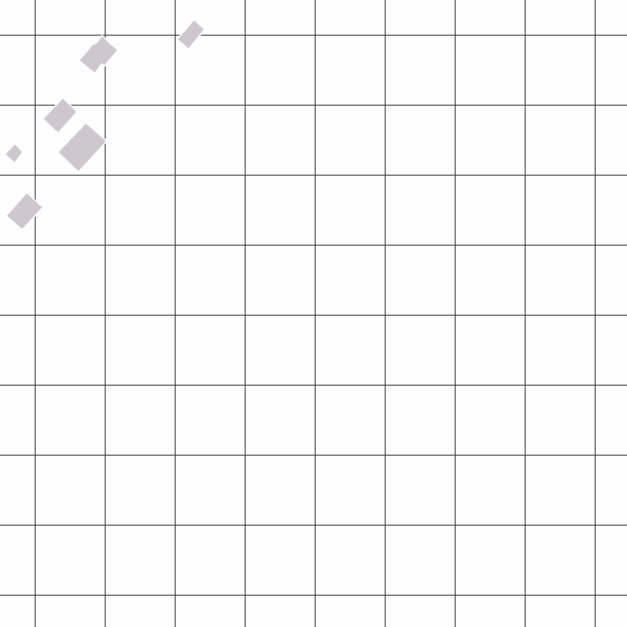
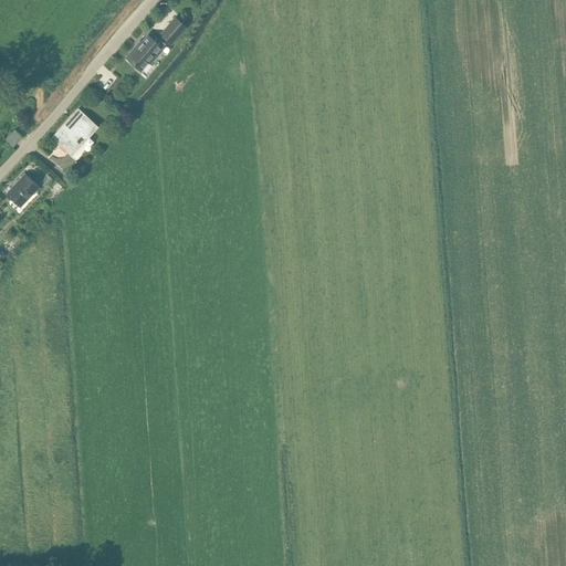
building: [79,35,118,74] -> [126,35,161,70]
building: [43,98,77,133] -> none

